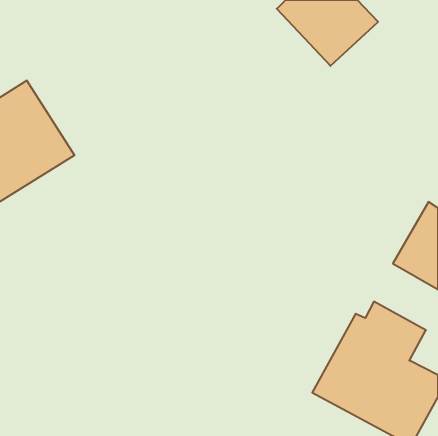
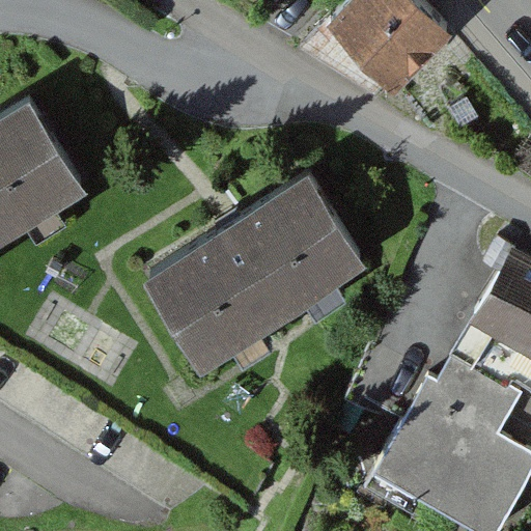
building: none -> [155,176,368,363]

